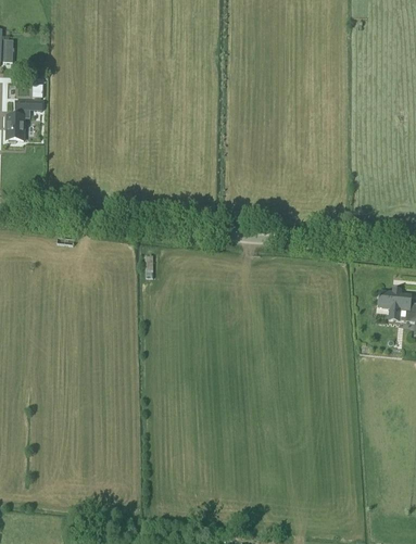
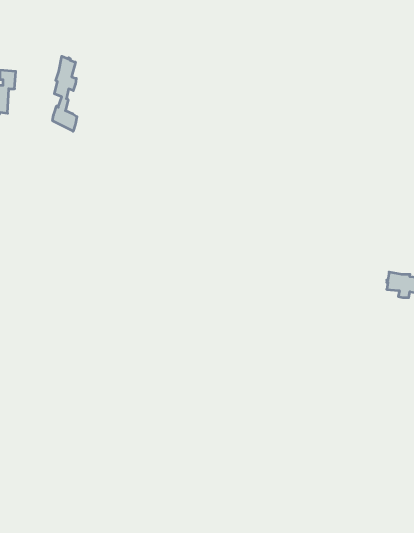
building: none -> [53,56,77,131]

